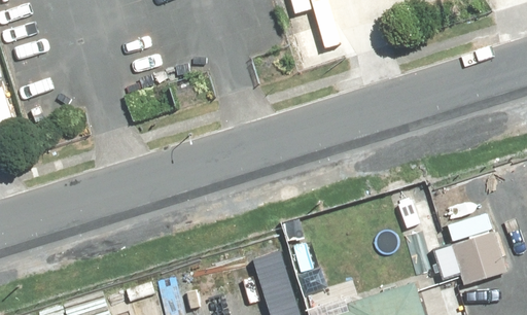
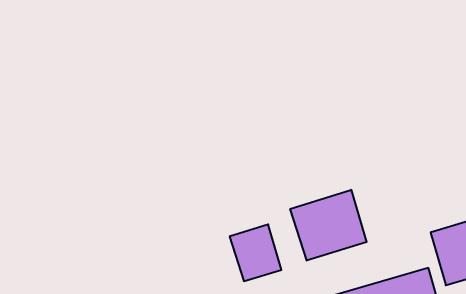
building: none -> [290,190,367,261]

